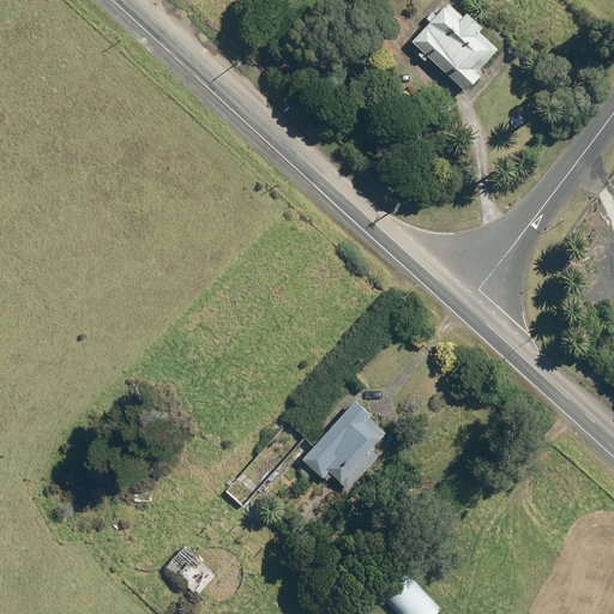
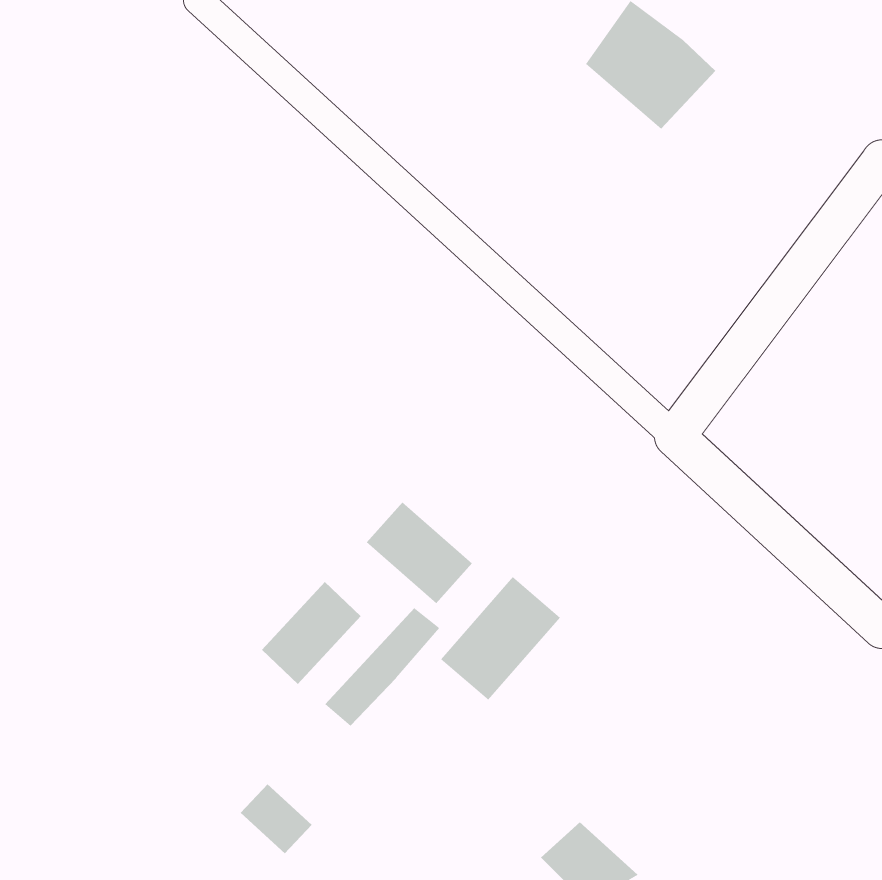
building: none -> [366,502,473,604]
building: none -> [261,581,361,685]

